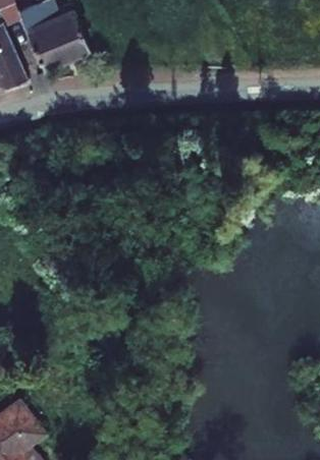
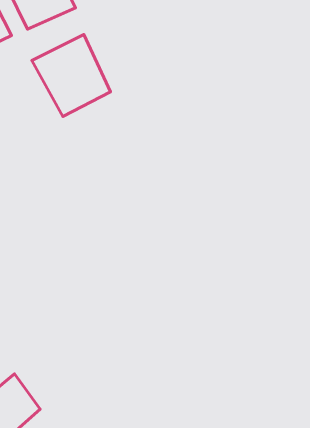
building: none -> [32,34,111,116]

